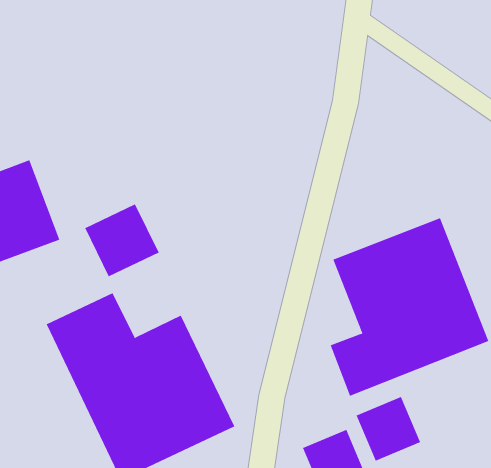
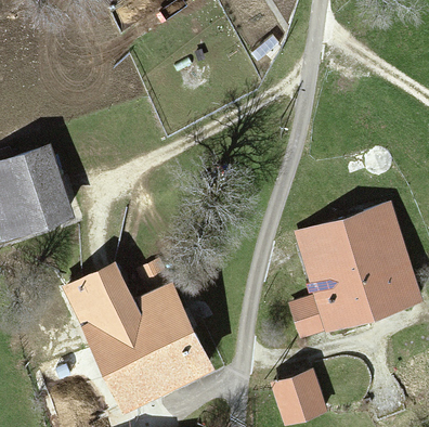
building: [84,204,159,277] -> none
building: [356,396,421,462] -> none

